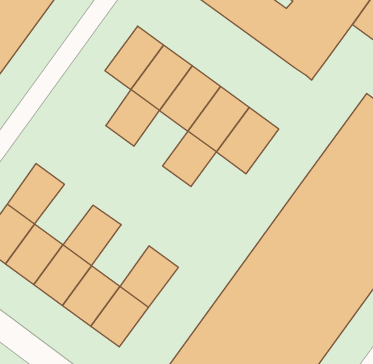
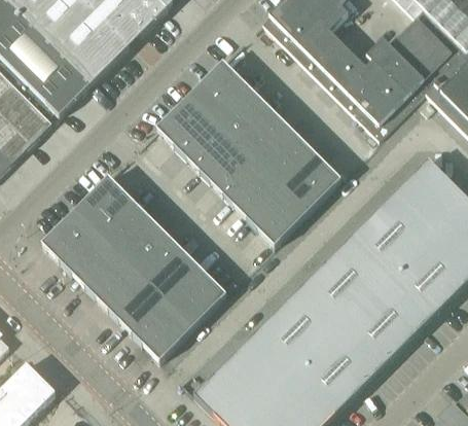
building: none -> [156,97,208,148]
building: none -> [203,142,255,194]
building: none -> [250,189,303,243]
building: none -> [98,198,155,254]
building: none -> [145,244,202,301]

